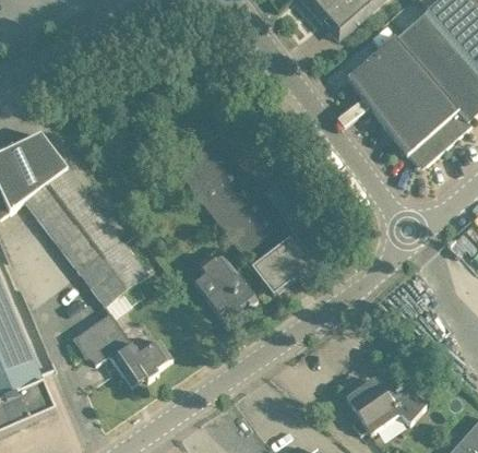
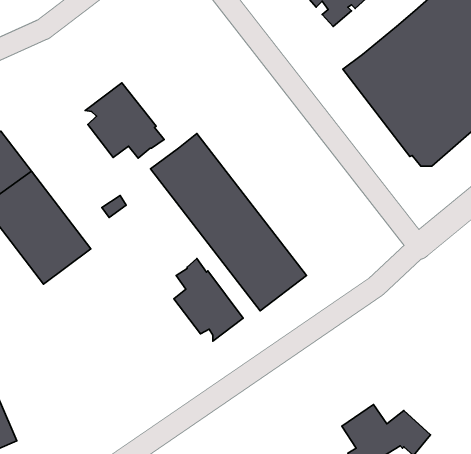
building: none -> [85,83,164,158]
building: [79,238,147,305] -> none
building: [73,311,174,380] -> none

